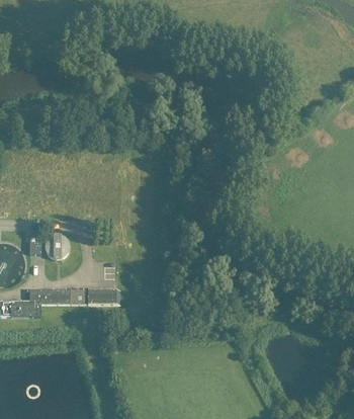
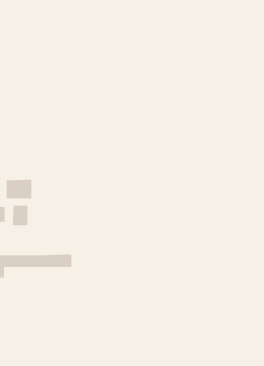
building: none -> [6,179,32,199]

